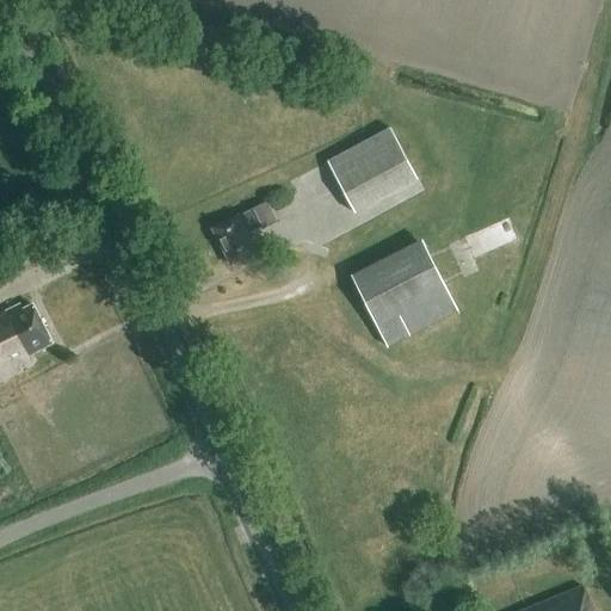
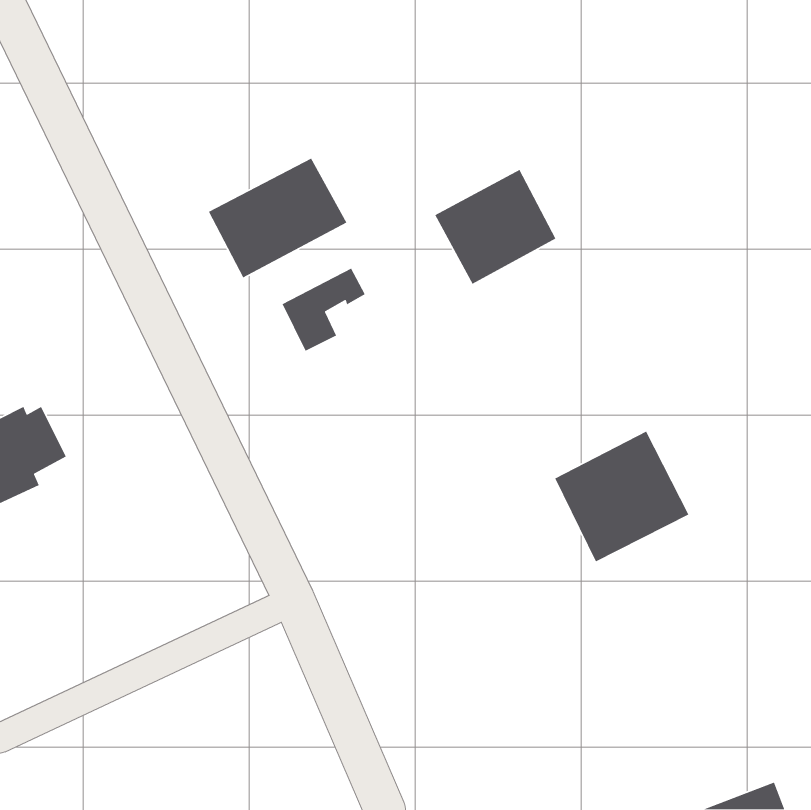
building: none -> [208,157,348,278]
building: [354,247,456,346] -> [554,430,689,562]

